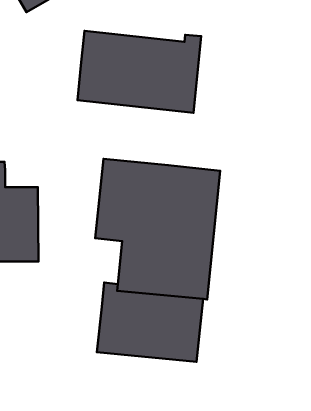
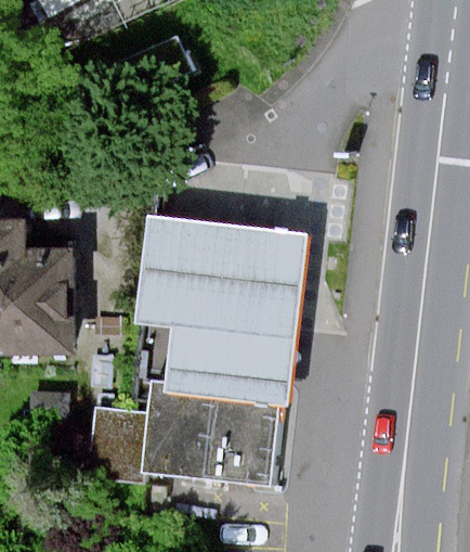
building: [77,31,201,113] -> none
building: none -> [86,406,147,484]

